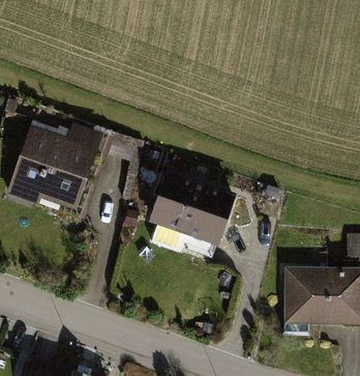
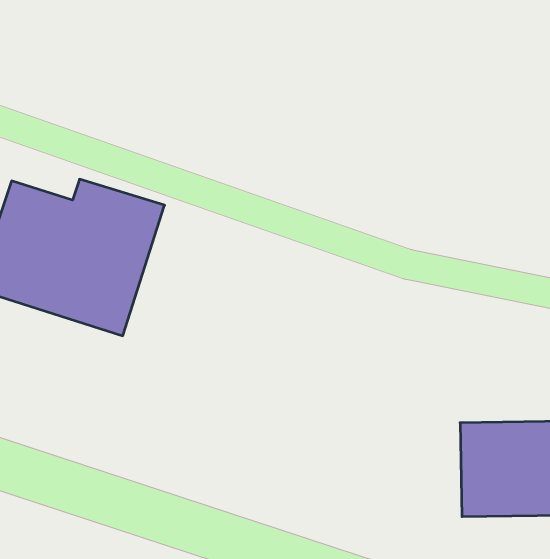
building: [139,170,226,240] -> none

